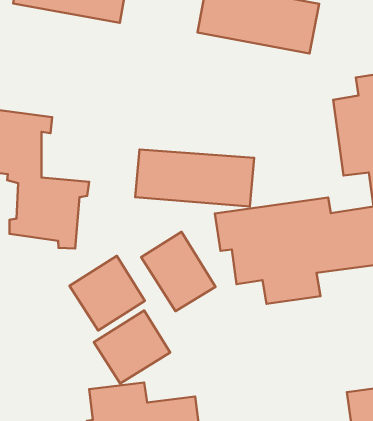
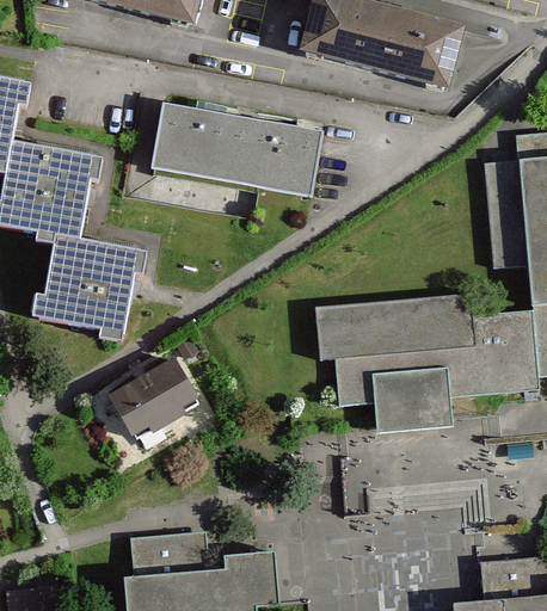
building: [135,149,254,206] -> [153,104,318,190]
building: [141,232,215,311] -> none
building: [94,310,170,383] -> none

